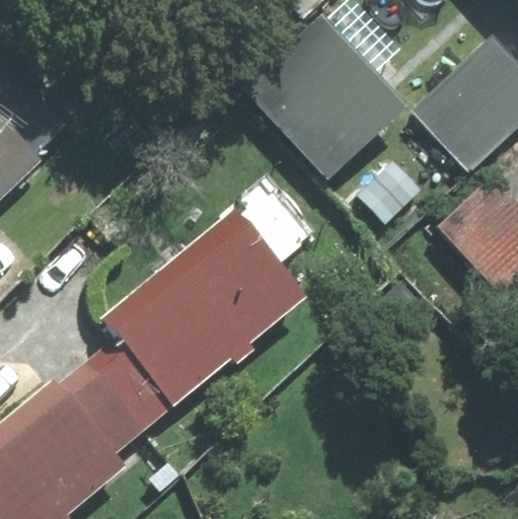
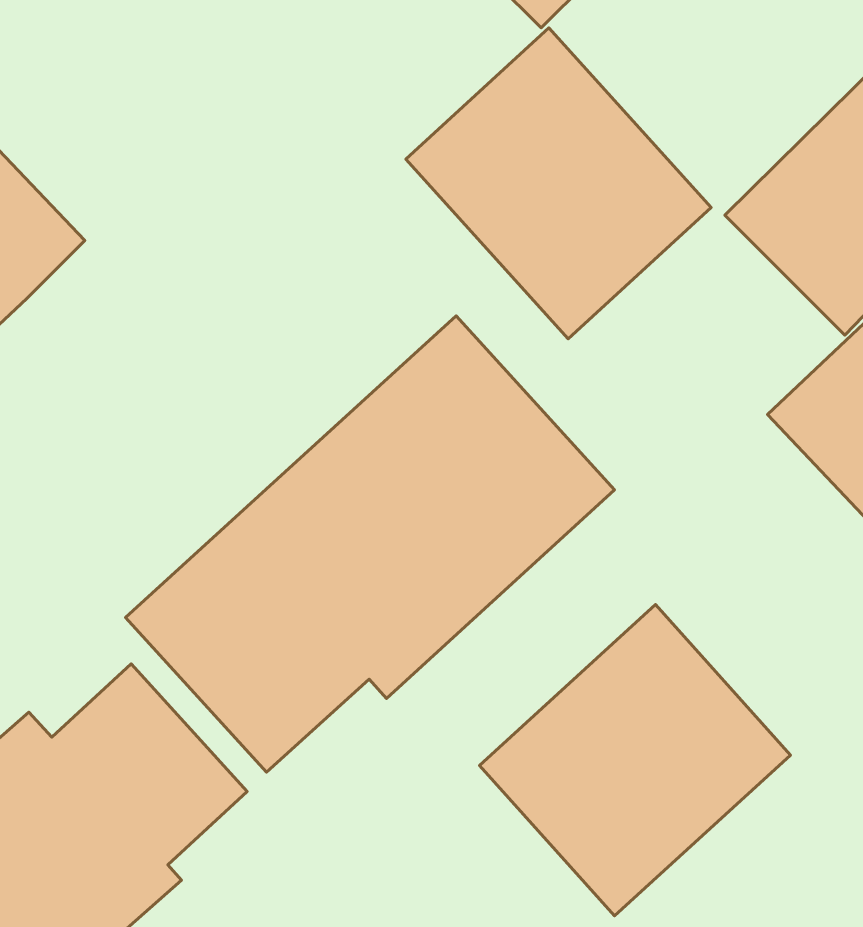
building: none -> [479,605,791,916]

